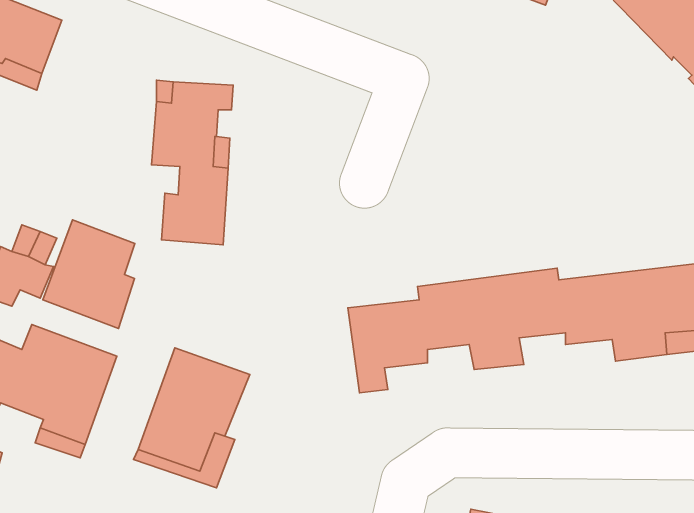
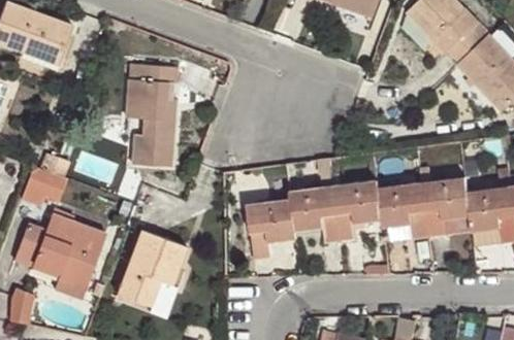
building: [43,220,135,328] -> none

